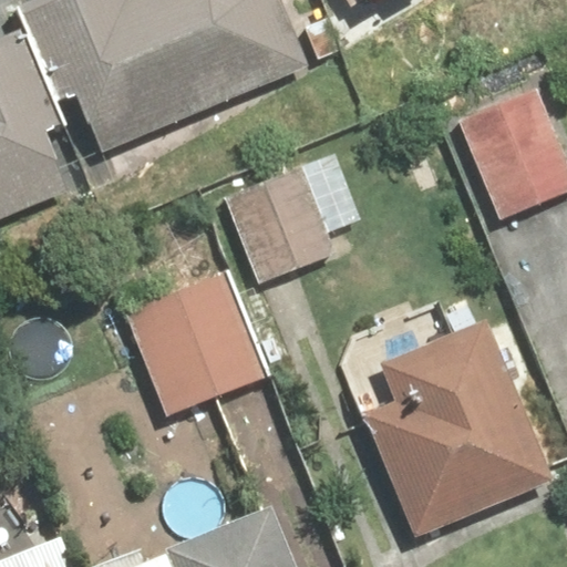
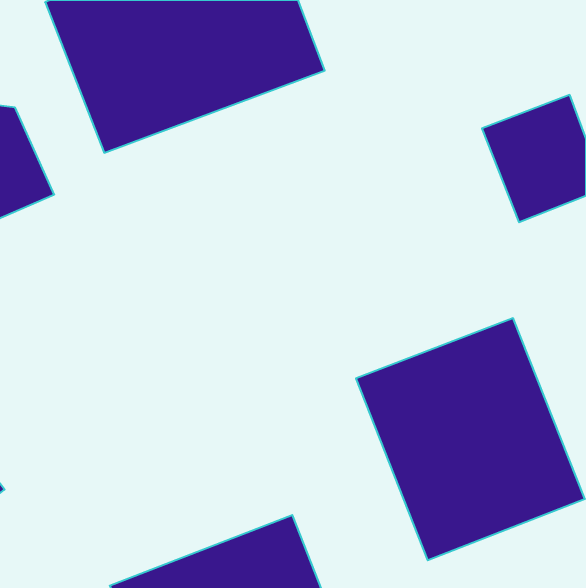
building: [216,153,347,284] -> none
building: [122,265,265,421] -> none

